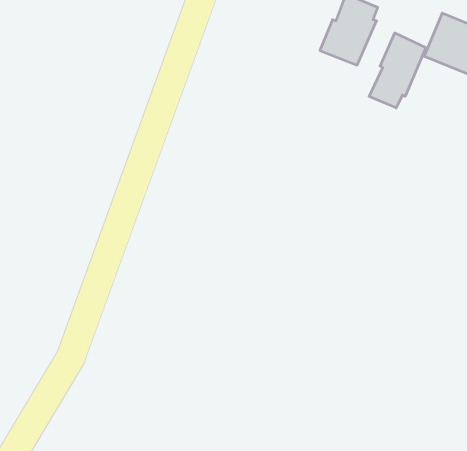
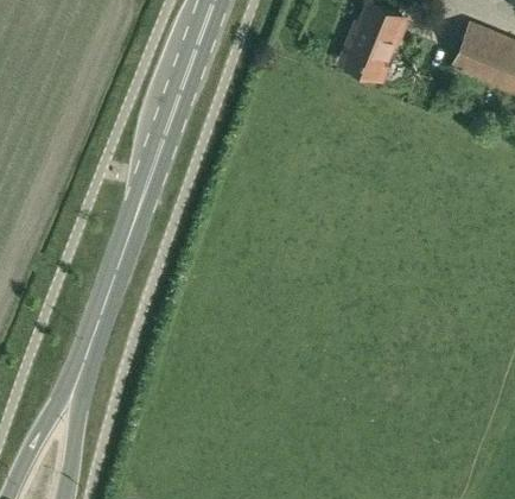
building: [369,33,426,108] -> none

